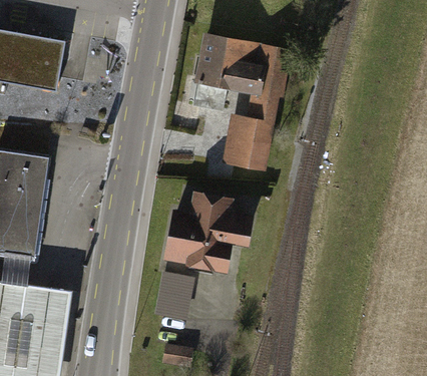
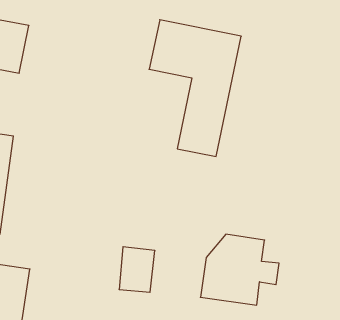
building: [165,192,247,265] -> [200,234,279,305]

